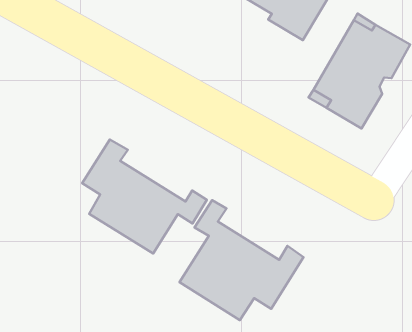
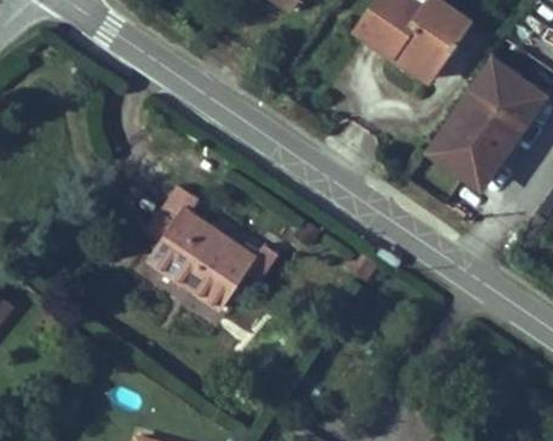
building: [180,200,304,320] -> none

